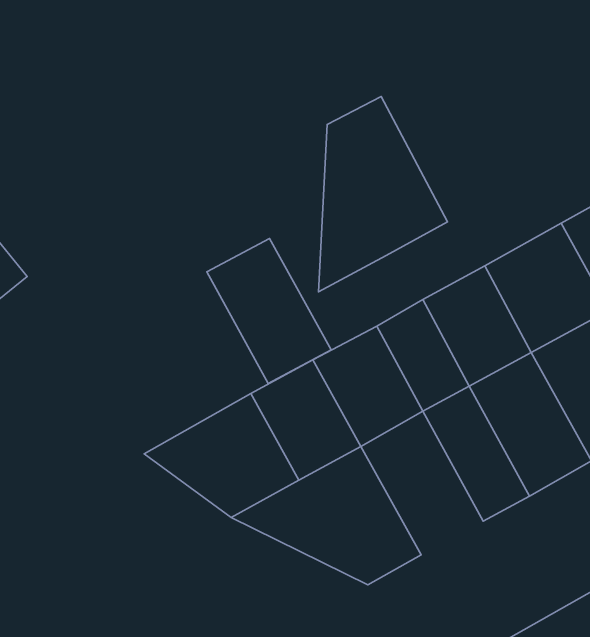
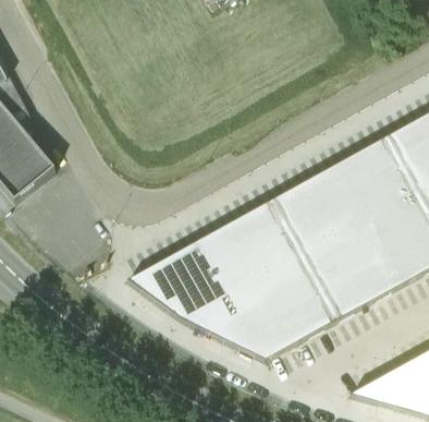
building: [319,96,448,292] -> none
building: [207,238,331,384] -> none
building: none -> [260,253,335,341]

